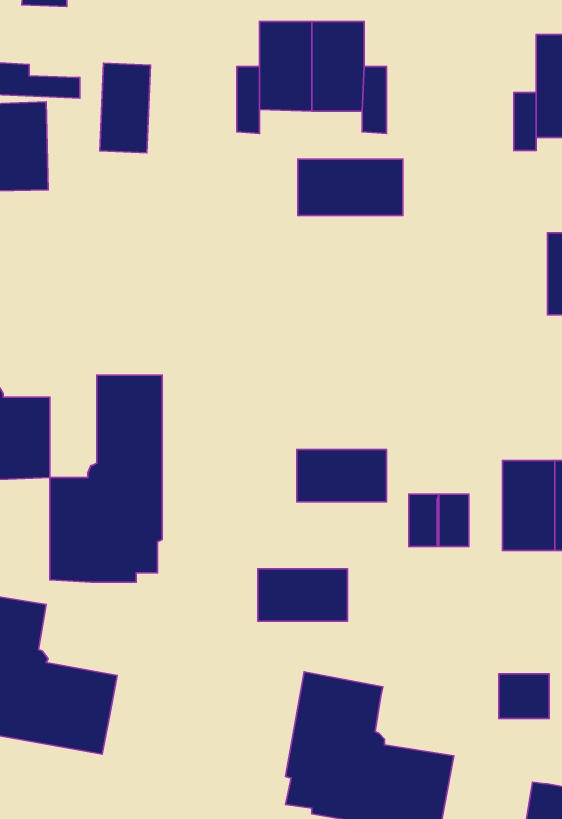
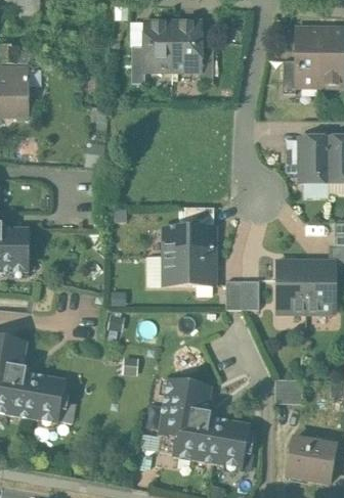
building: [100,63,150,153] -> none
building: [298,159,403,216] -> none
building: [50,375,162,582] -> none
building: [258,569,347,621] -> [165,227,214,256]

